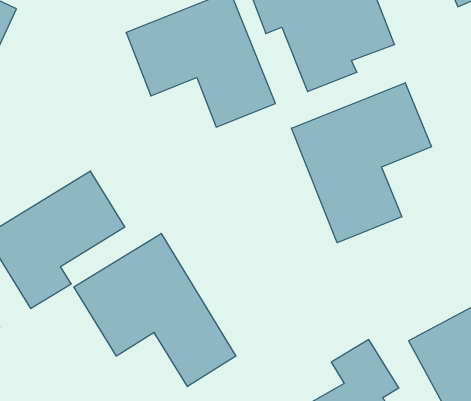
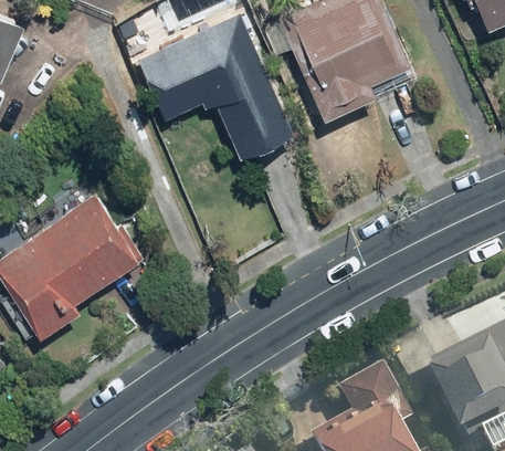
building: [291,83,432,243] -> none
building: [74,233,236,387] -> none

